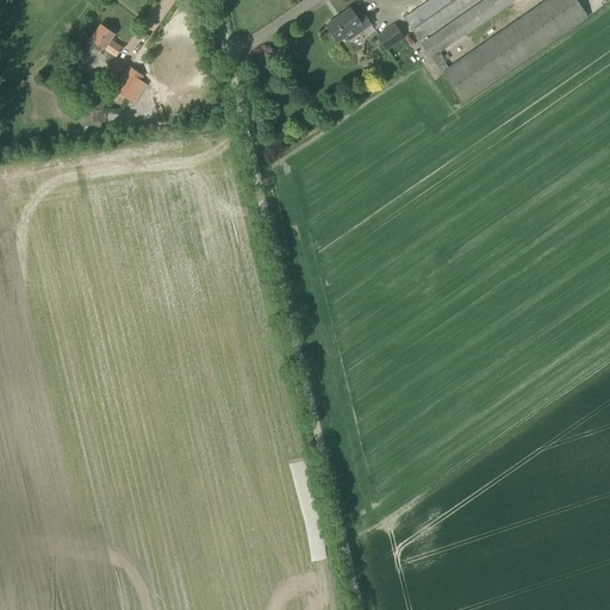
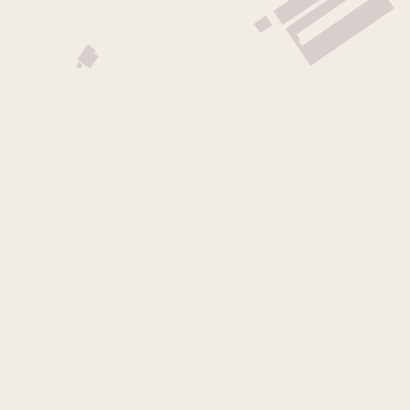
building: [326,7,373,41] -> none
building: [86,23,123,55] -> none

